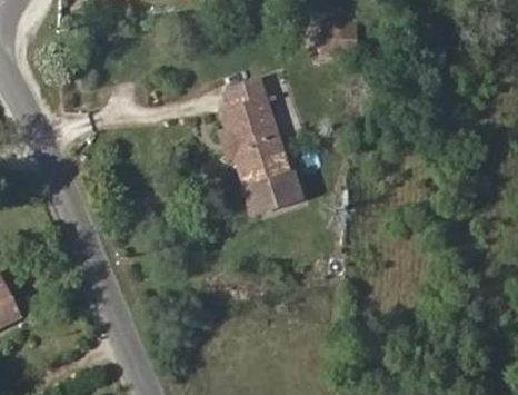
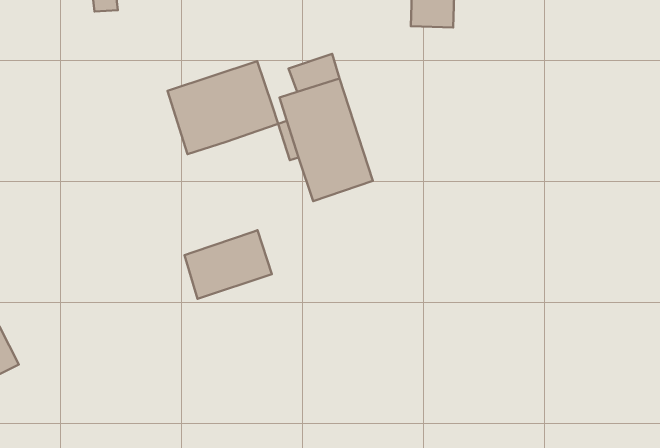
building: none -> [167,61,278,154]
building: [239,171,306,224] -> [185,230,272,299]

